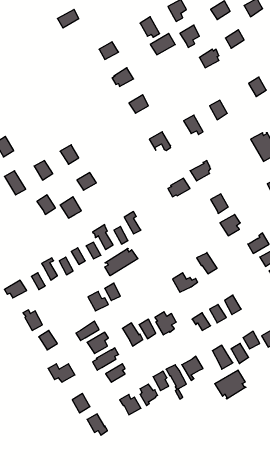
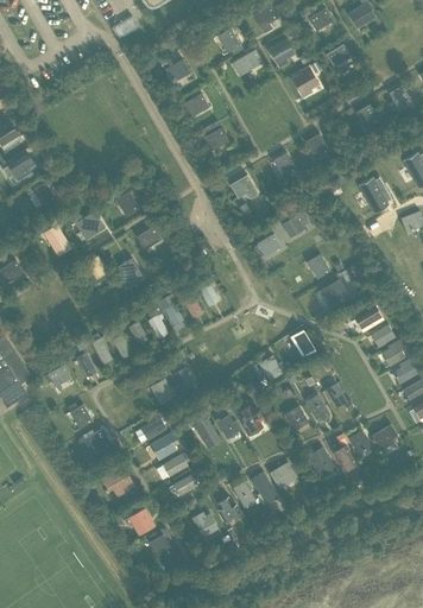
building: [105,248,138,276] -> none
building: [215,370,246,399] -> none

